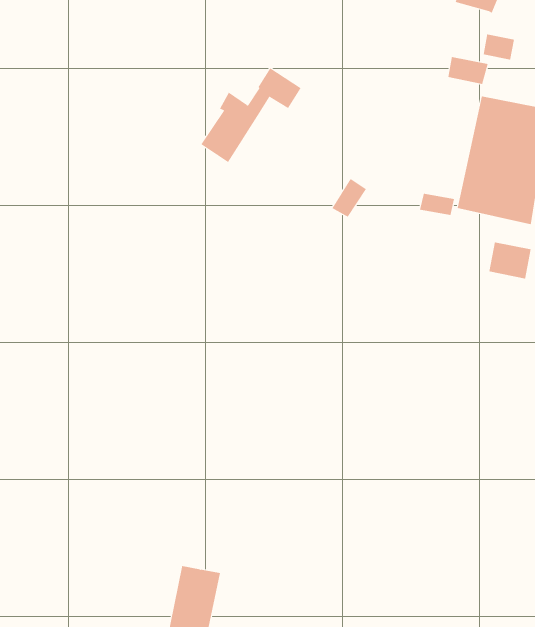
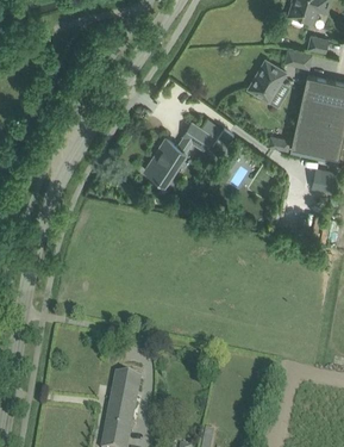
building: [201,68,302,163] -> [148,123,212,184]
building: none -> [249,60,286,101]

